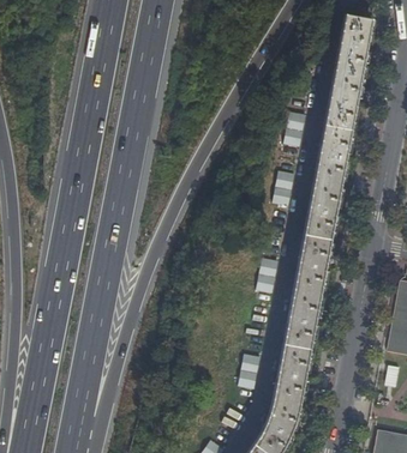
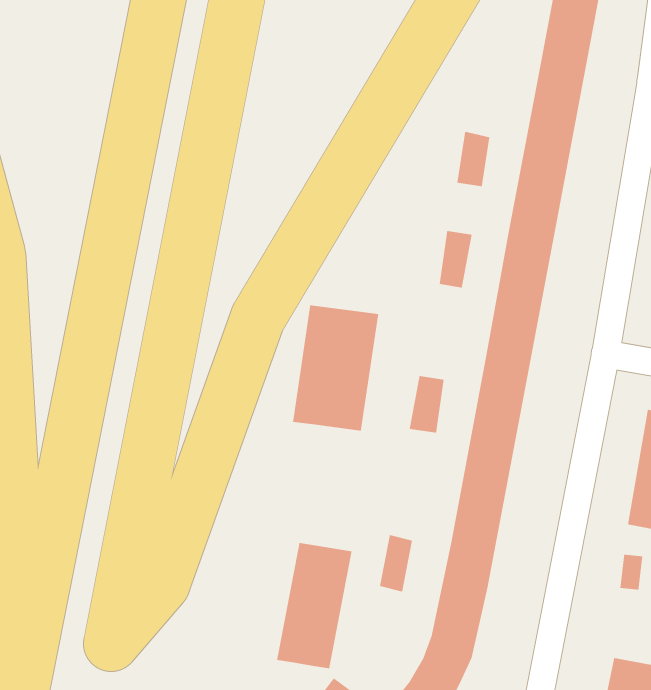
building: none -> [293,305,379,431]
building: none -> [276,542,352,669]

